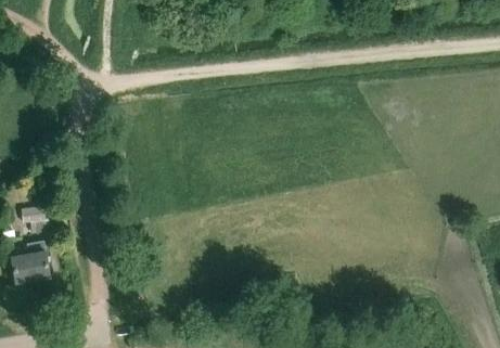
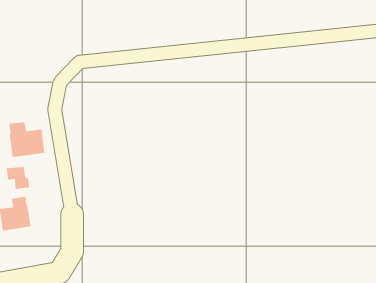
building: none -> [8,122,45,158]

